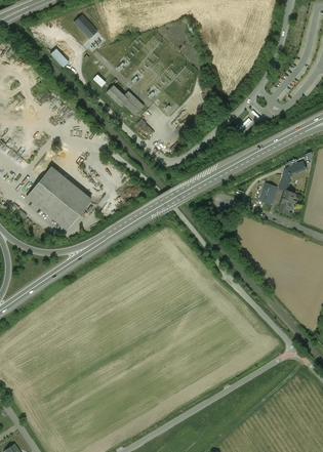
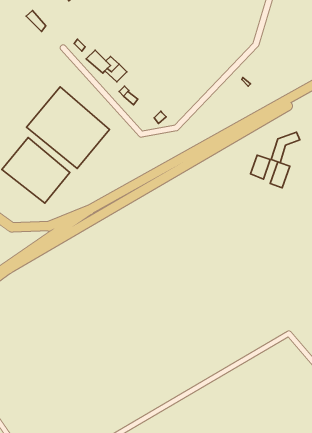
building: none -> [26,87,110,168]

